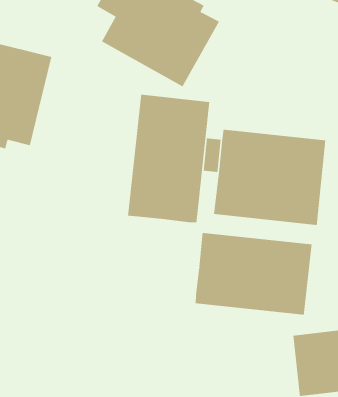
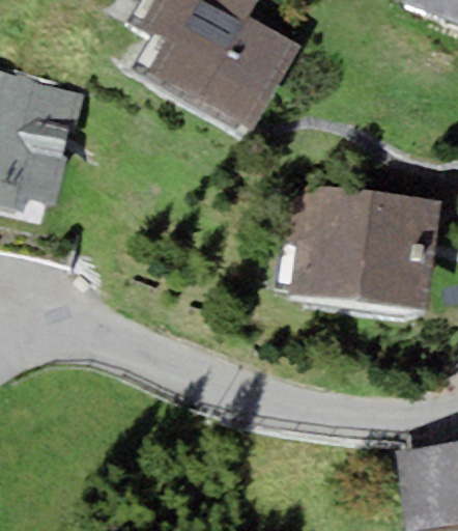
building: [128,94,210,223] -> none
building: [195,232,312,316] -> none

